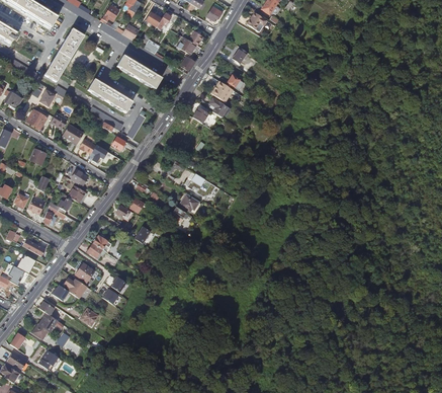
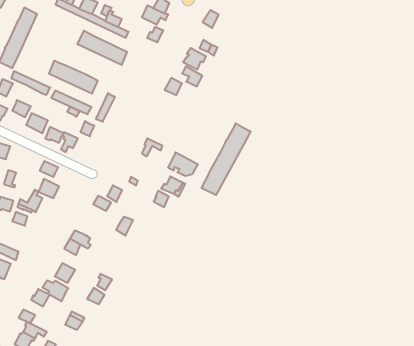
building: none -> [202,123,251,195]

